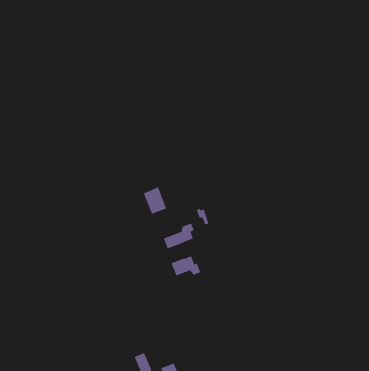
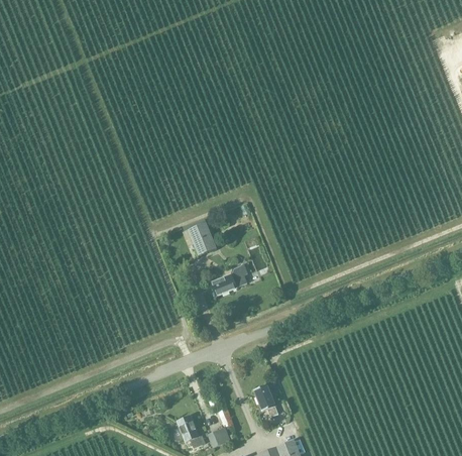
building: [171,255,201,277] -> none
building: none -> [254,385,278,417]

